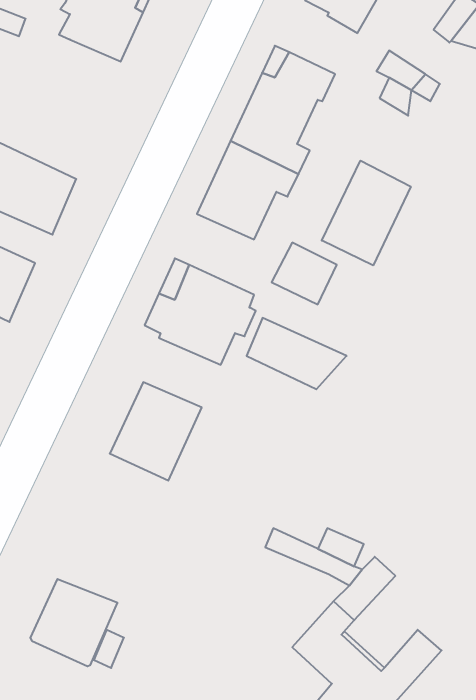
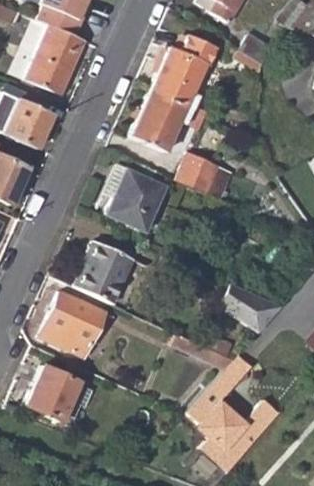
building: none -> [26,26,85,94]
building: [322,161,411,265] -> none
building: [247,318,347,389] -> [220,281,283,326]
building: none -> [40,292,104,356]

